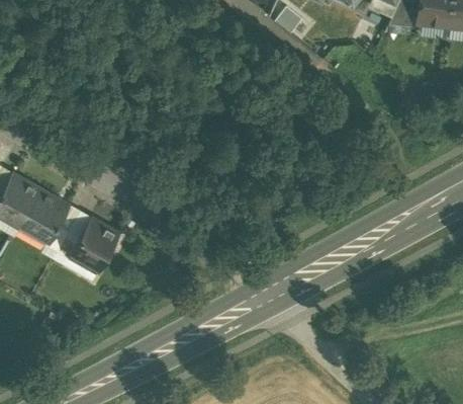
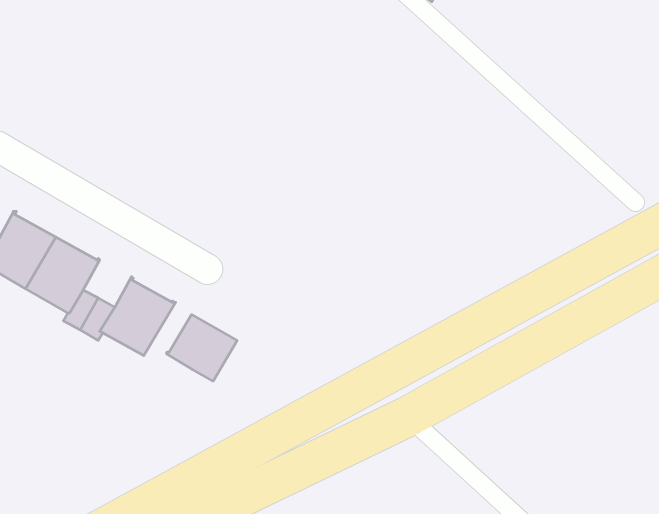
building: none -> [167,315,237,381]

